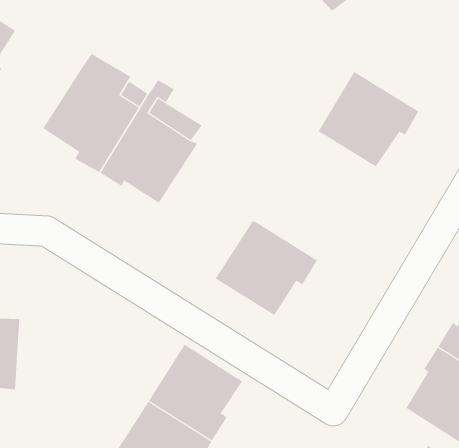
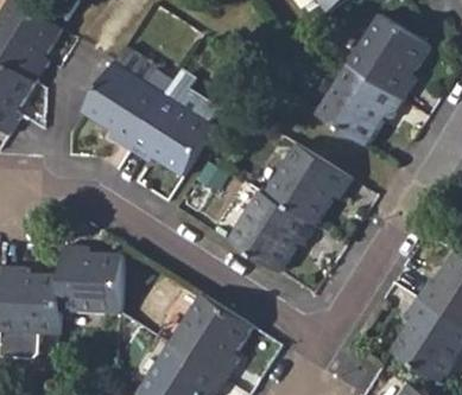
building: none -> [346,14,429,98]
building: none -> [264,144,352,225]
building: none -> [58,246,121,313]

